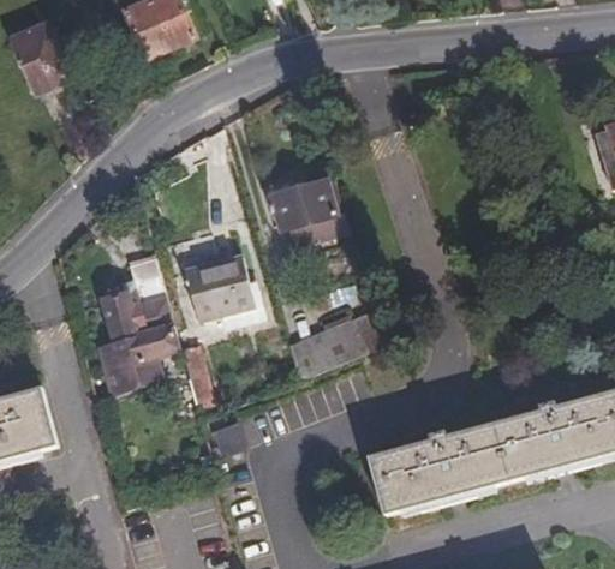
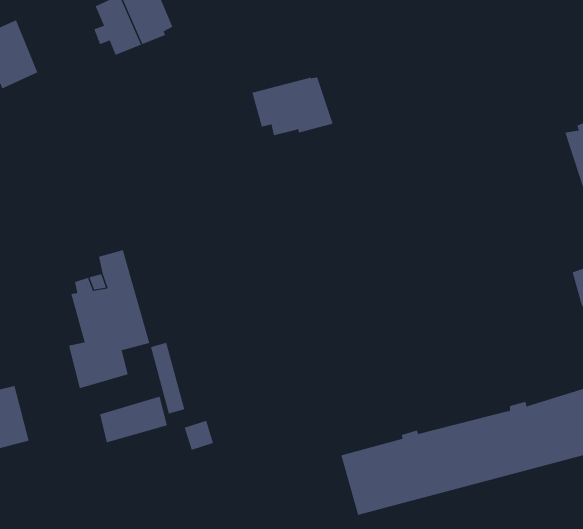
building: [267,179,348,238] -> [252,77,334,136]
building: [184,254,255,319] -> none
building: [289,311,388,381] -> none
building: none -> [100,396,168,443]

